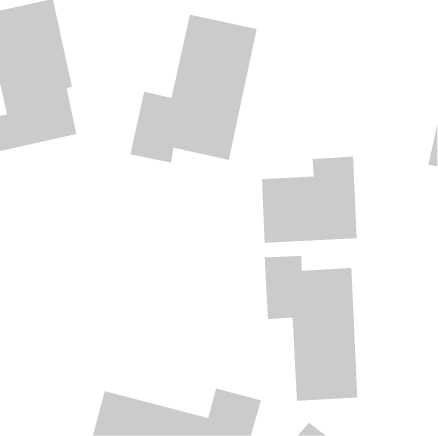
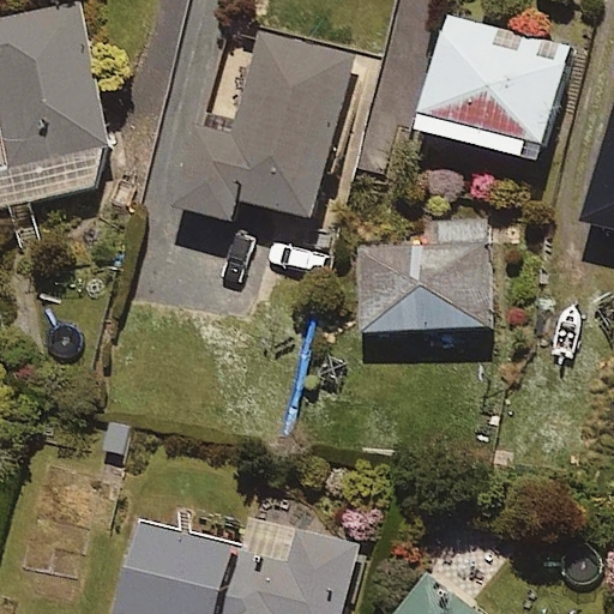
building: none -> [416,13,570,164]
building: [264,255,358,401] -> none

